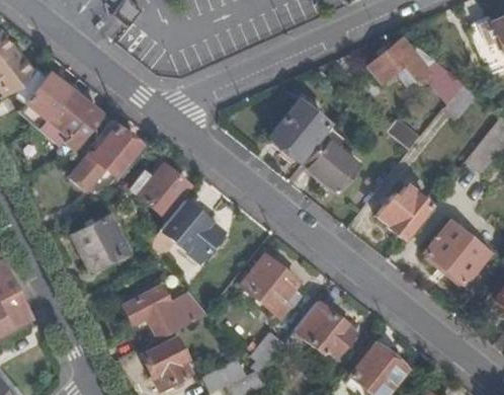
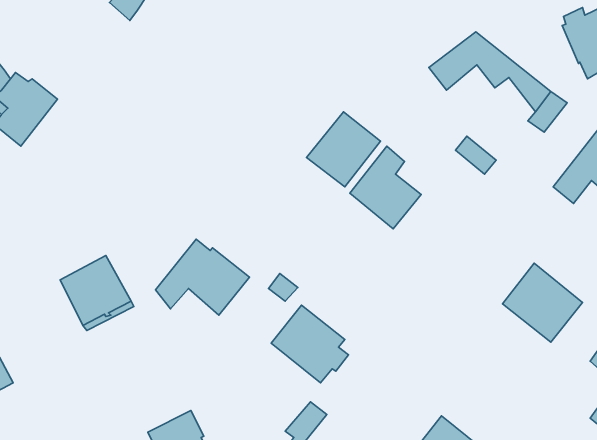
building: [41,90,102,156] -> none
building: [71,127,142,188] -> none
building: [130,164,190,217] -> none
building: [376,186,430,239] -> none
building: [124,287,208,338] -> none
building: [295,301,356,357] -> none

